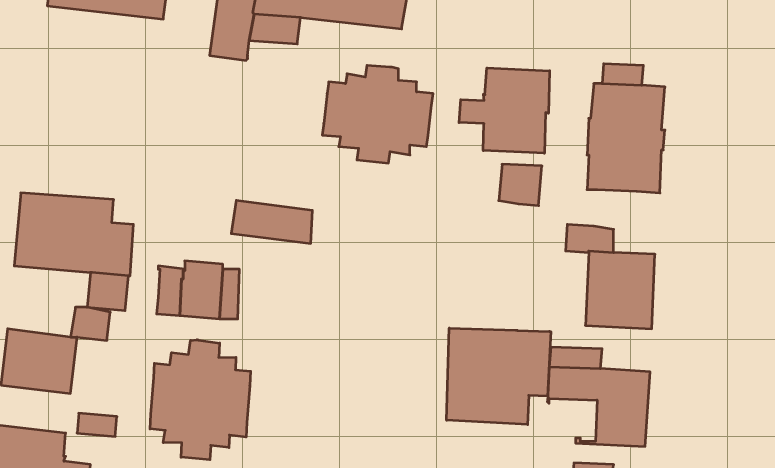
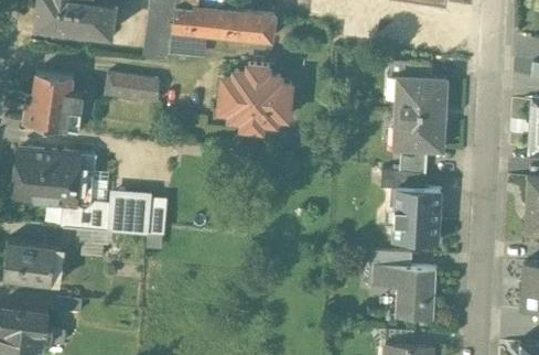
building: [459,68,550,153] -> none
building: none -> [22,75,84,133]
building: [499,164,542,206] -> [399,149,428,176]
building: [231,200,312,243] -> [105,75,159,104]
building: [447,328,551,425] -> none
building: [150,340,251,460] -> none

